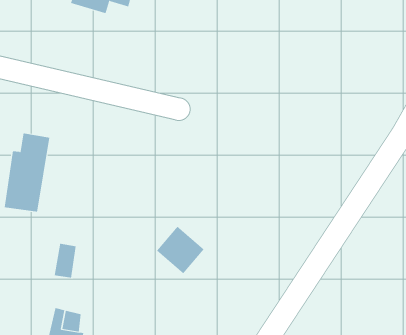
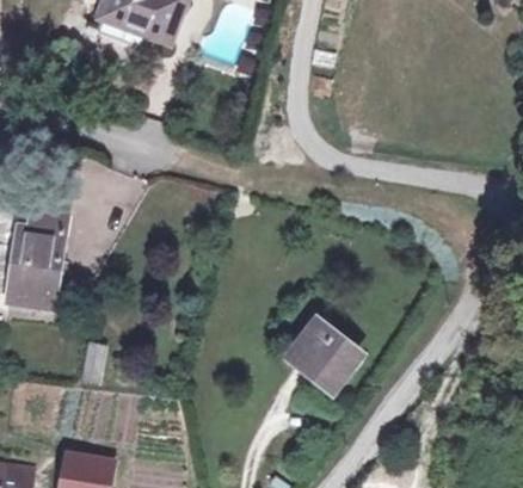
building: [156,226,204,274] -> [293,325,353,385]

